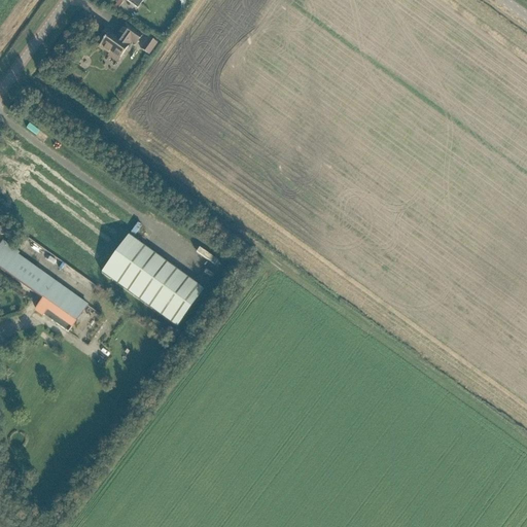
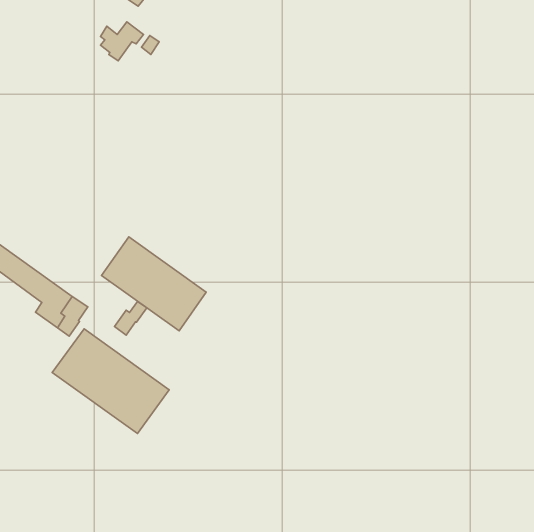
building: none -> [114,302,147,335]
building: none -> [52,329,169,433]

